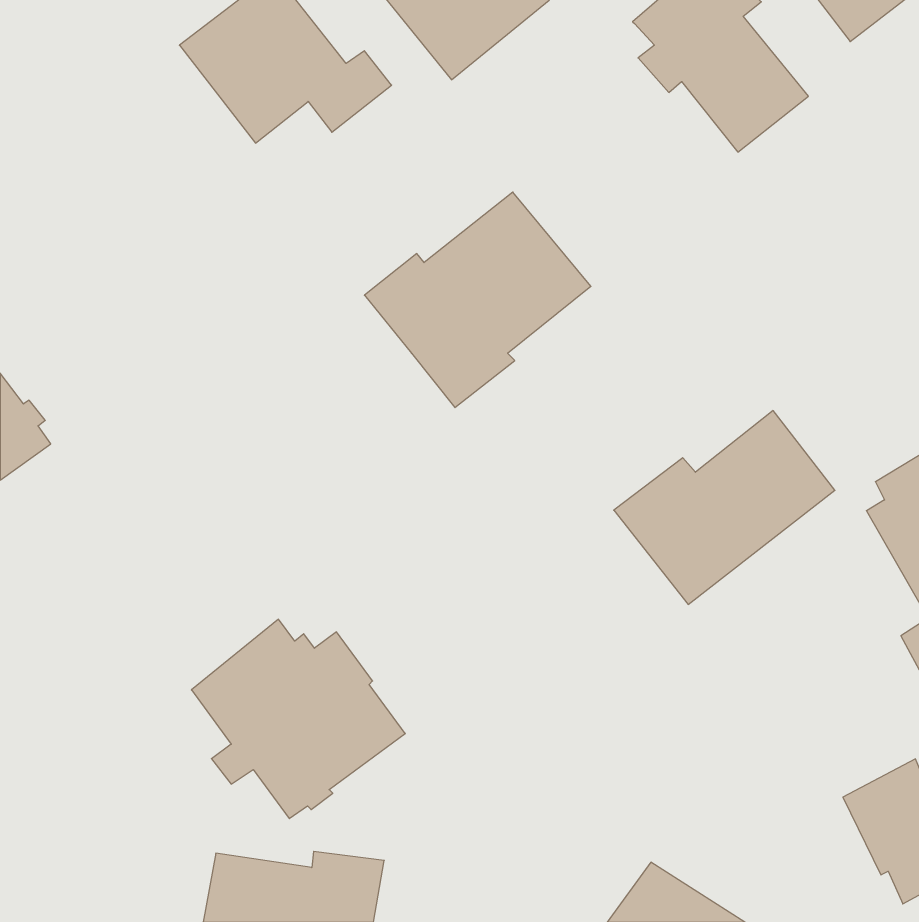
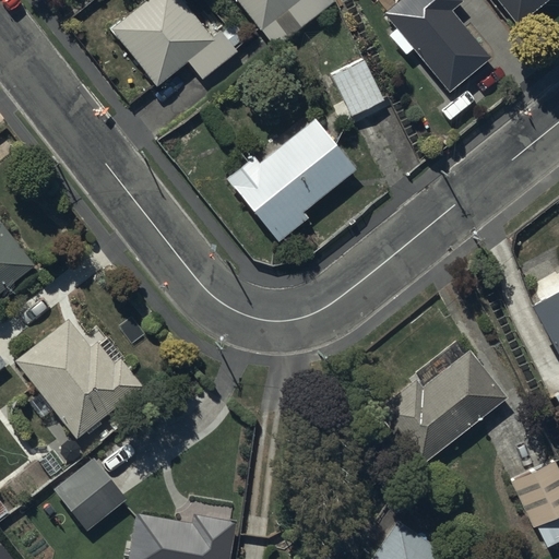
building: none -> [333,57,385,116]
building: [614,411,835,604] -> [374,349,508,466]
building: [191,619,405,819] -> [16,318,145,438]
building: none -> [55,457,128,530]

